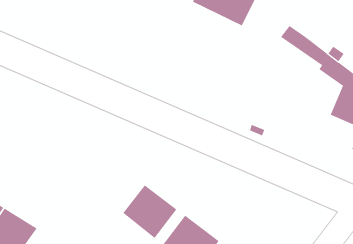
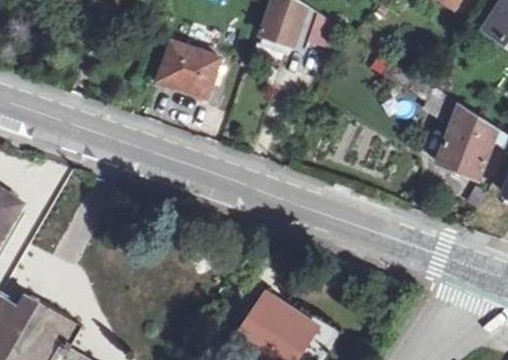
building: none -> [161,46,219,99]
building: [123,185,177,239] -> none

